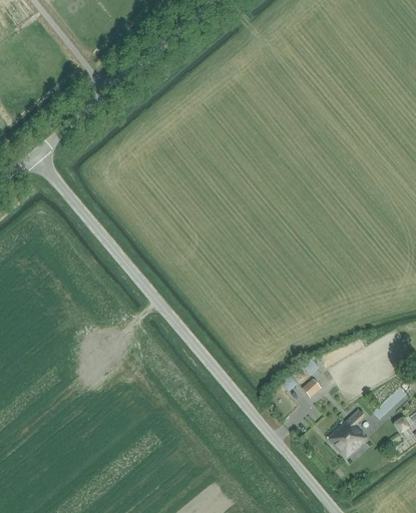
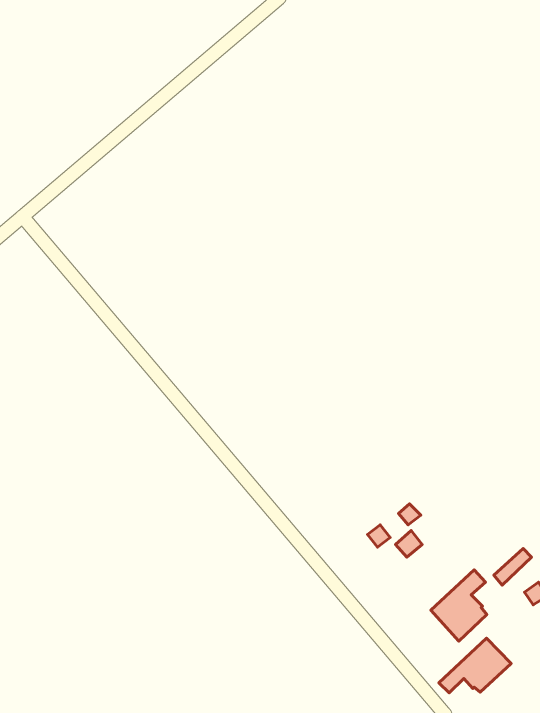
building: none -> [439,638,511,693]

